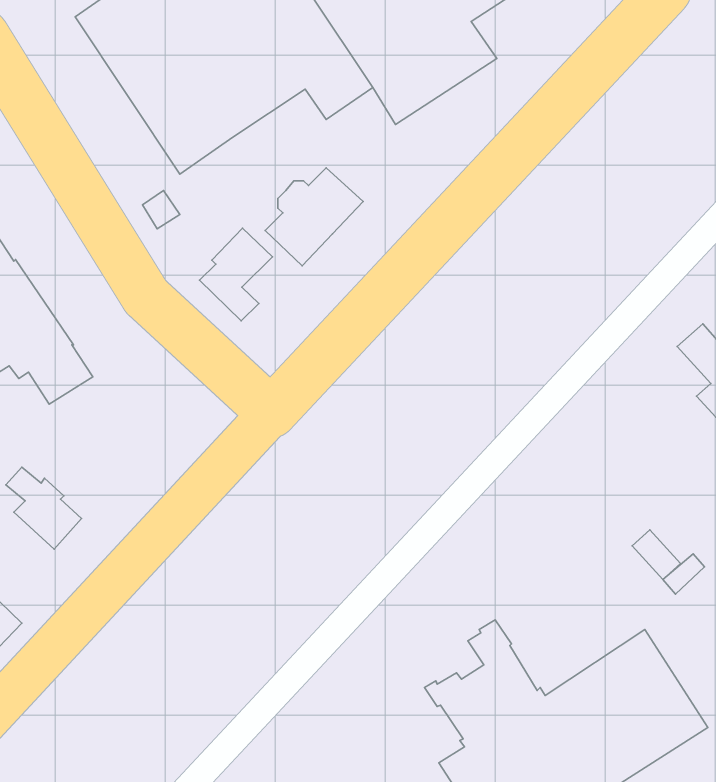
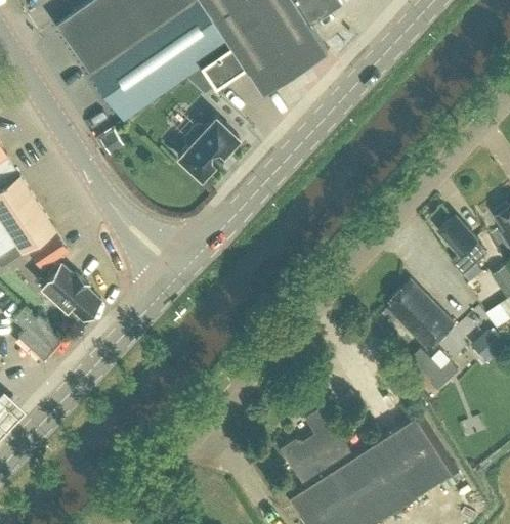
building: [200,228,273,321] -> none
building: none -> [34,264,99,320]
building: none -> [388,281,454,351]

